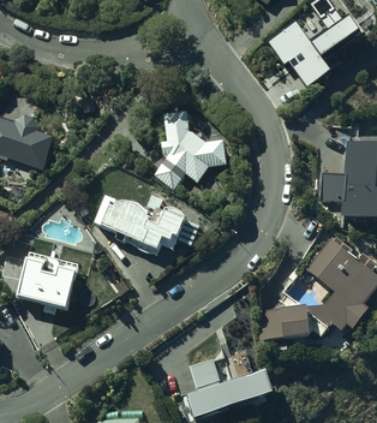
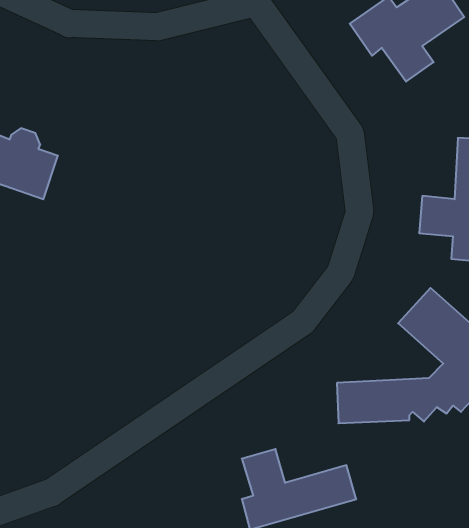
building: [152,112,226,186] -> none
building: [94,195,185,249] -> none
building: [16,257,77,309] -> none

